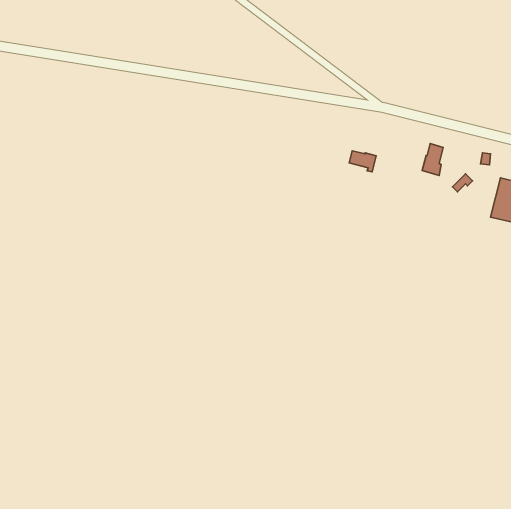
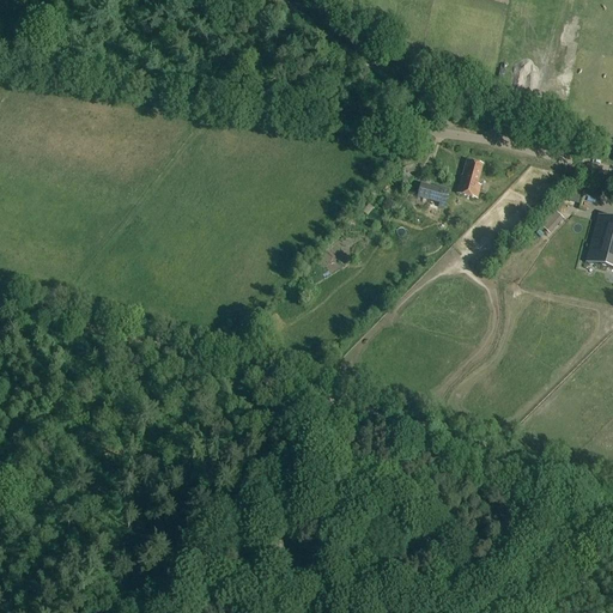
building: [422,143,443,175] -> [457,158,482,196]

